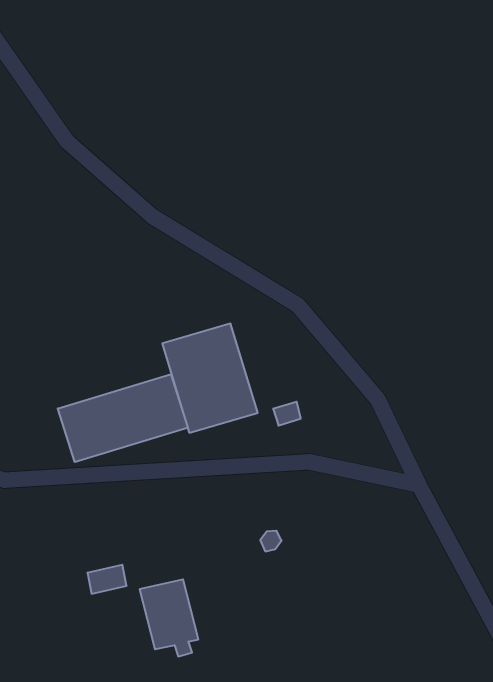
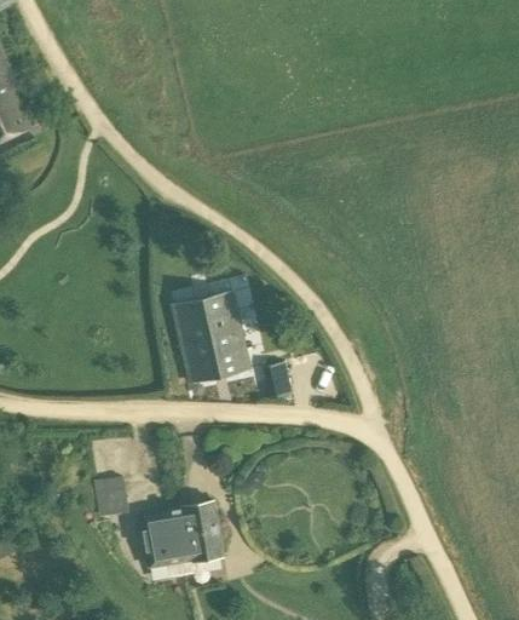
building: [58,374,188,462] -> none
building: none -> [178,500,225,572]

